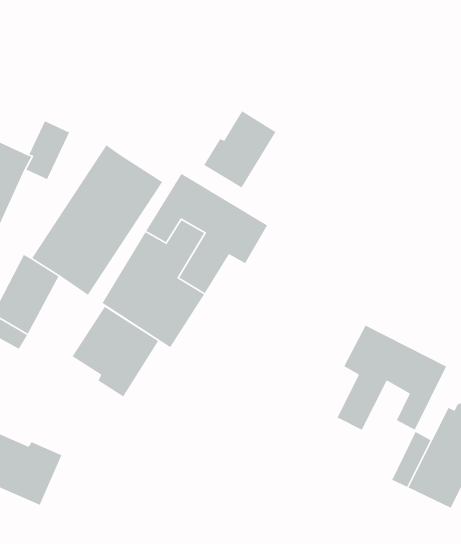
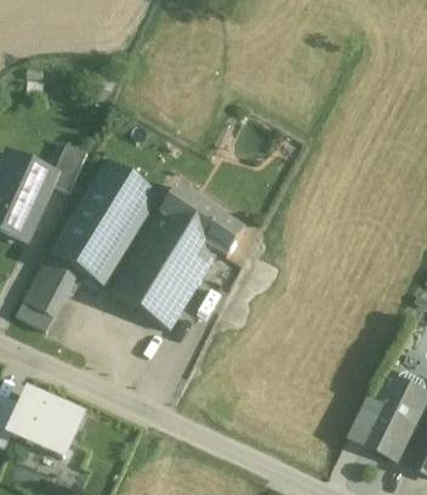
building: [203,110,277,188] -> none
building: [71,306,159,398] -> none
building: [337,325,447,431] -> none

